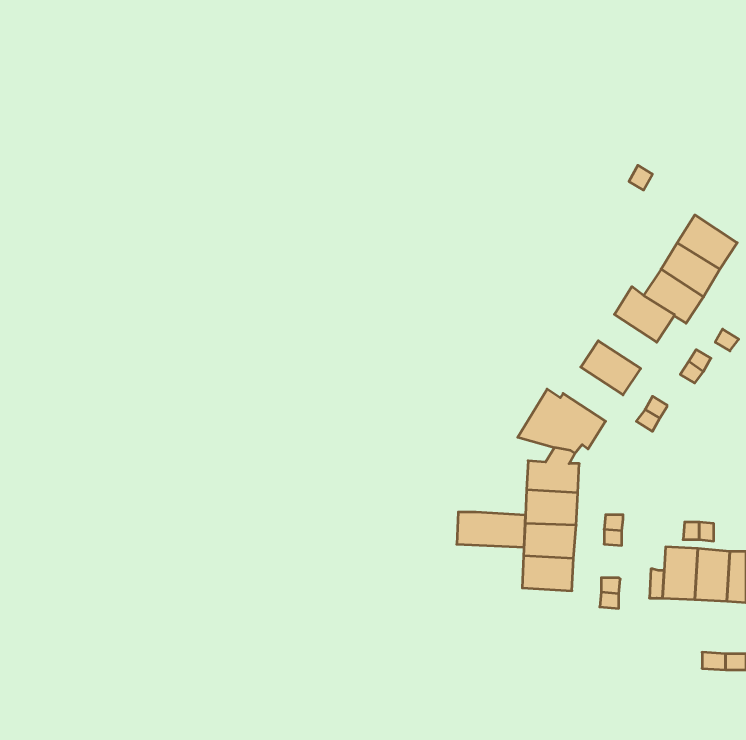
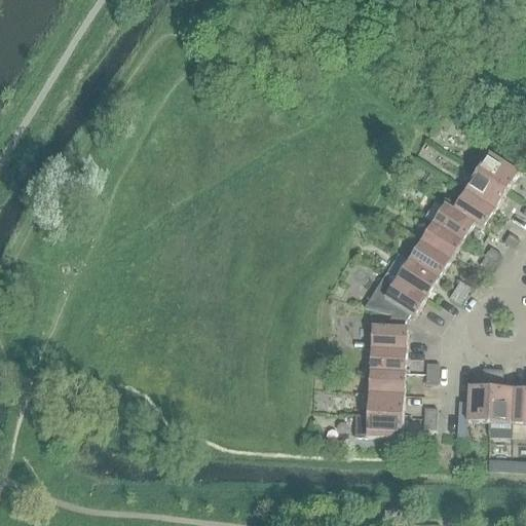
building: none -> [420,221,461,259]
building: none -> [396,258,438,296]
building: [457,512,525,547] -> [353,413,402,438]

